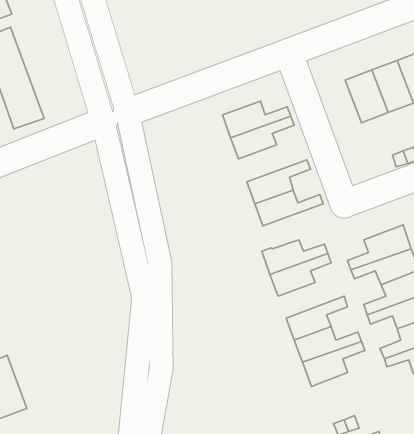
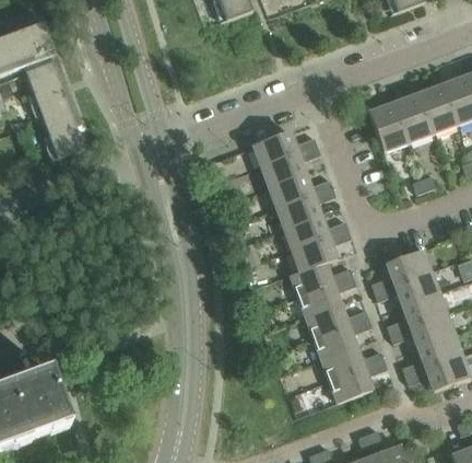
building: none -> [268,173,332,208]
building: none -> [291,229,351,271]
building: none -> [305,303,367,337]

